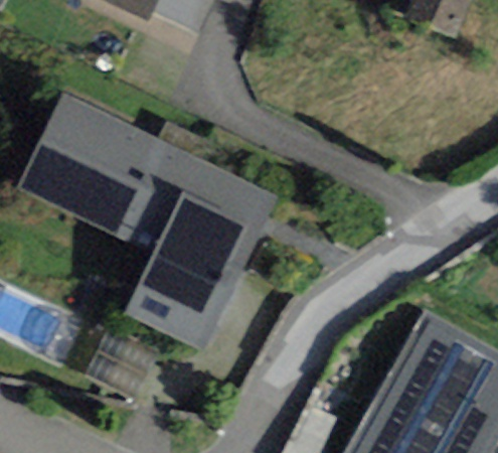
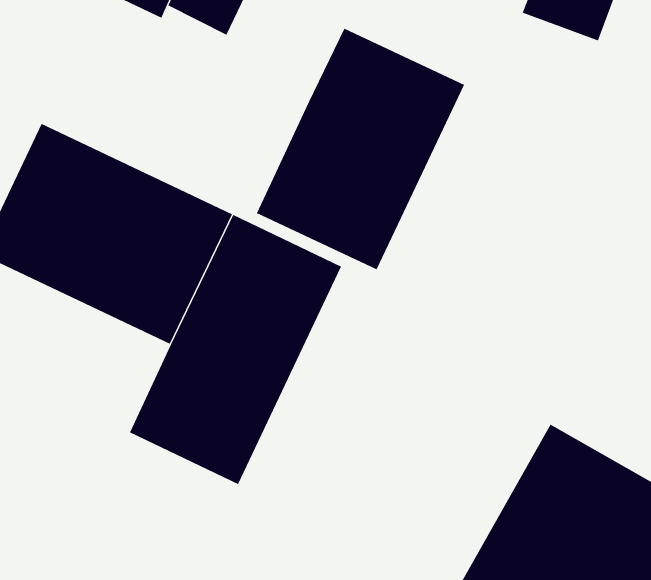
building: none -> [256,28,465,270]

